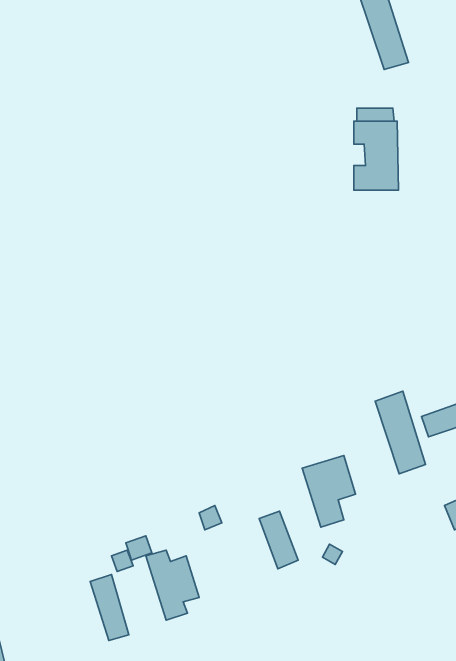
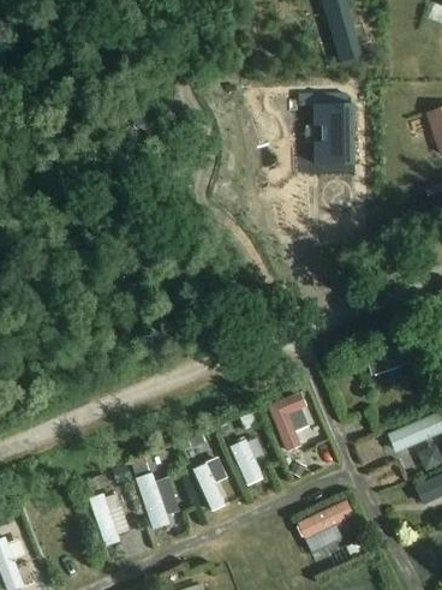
building: [375,391,426,474] -> none
building: none -> [197,457,229,511]
building: none -> [299,500,357,550]

